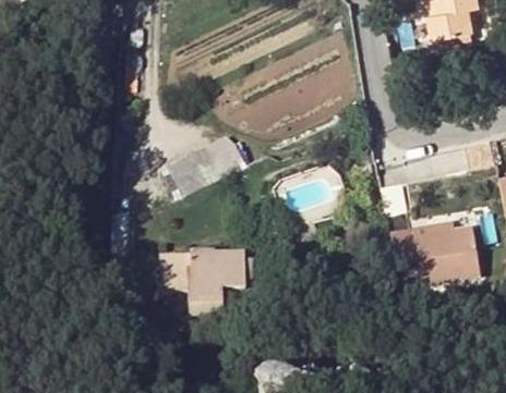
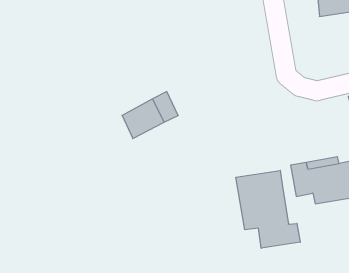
building: none -> [236,170,300,248]
building: [164,251,253,315] -> none

